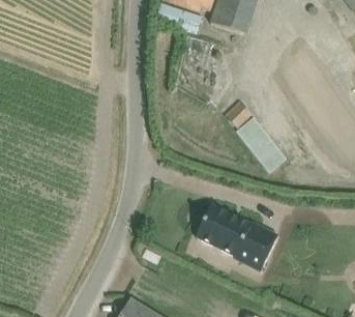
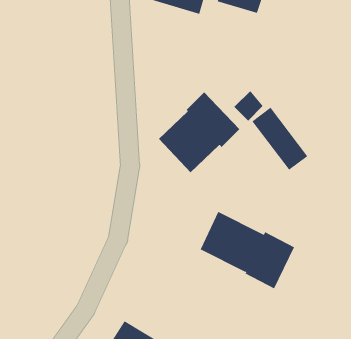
building: none -> [158,92,240,173]

